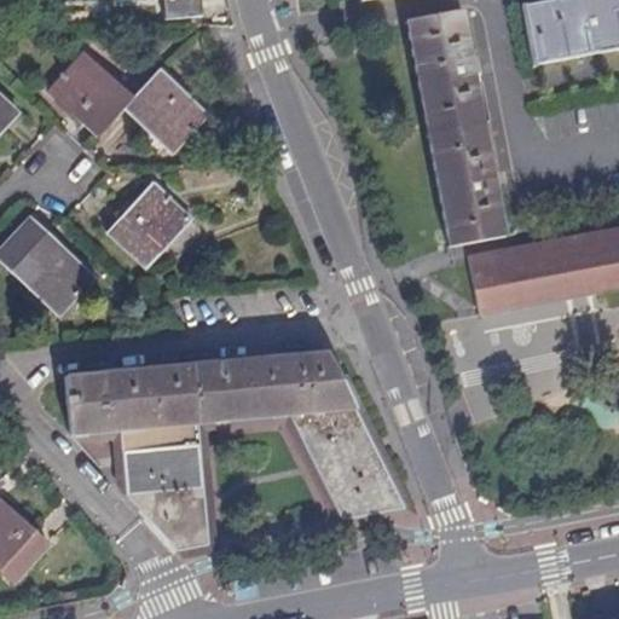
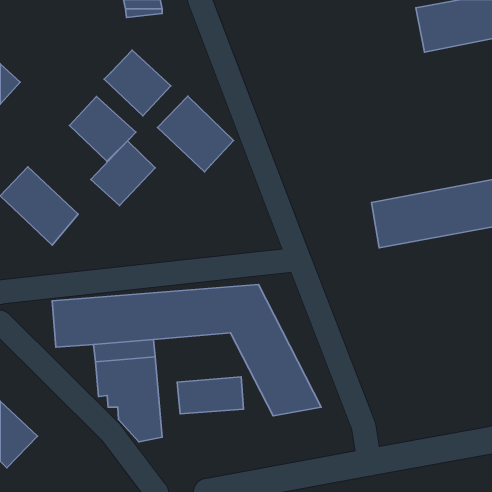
building: [405,11,503,241] -> none
building: [57,46,140,127] -> [69,97,136,161]
building: none -> [158,96,234,172]
building: none -> [177,377,243,414]

